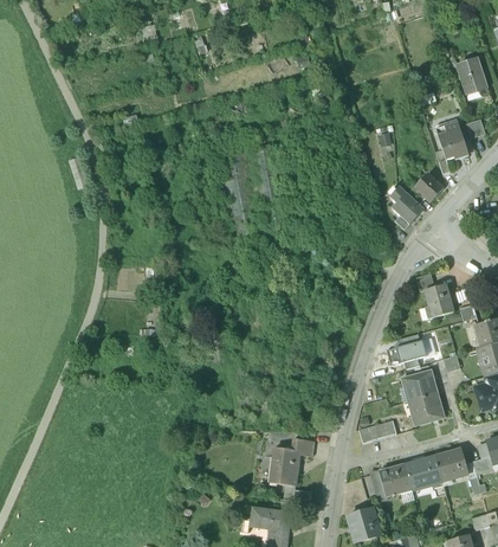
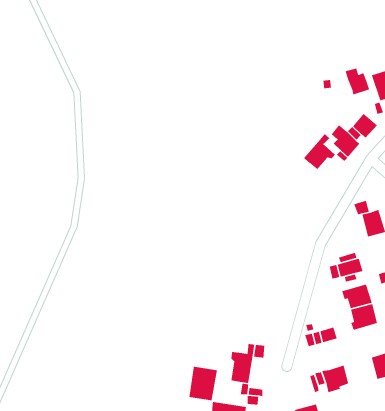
building: none -> [344,67,370,95]
building: none -> [303,133,336,170]
building: [405,455,442,490] -> none
building: none -> [189,366,218,401]

